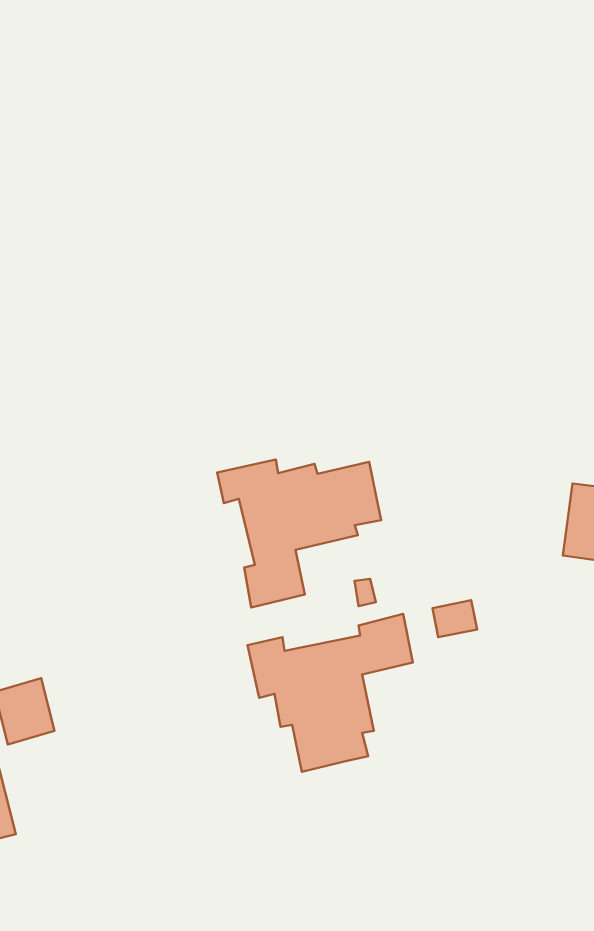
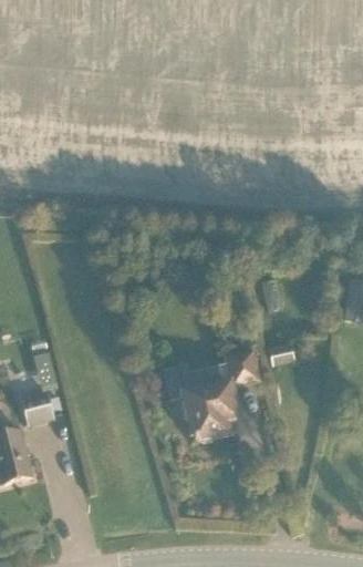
building: [217,459,381,607] -> none

